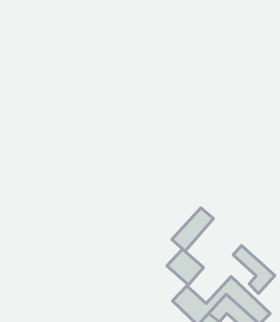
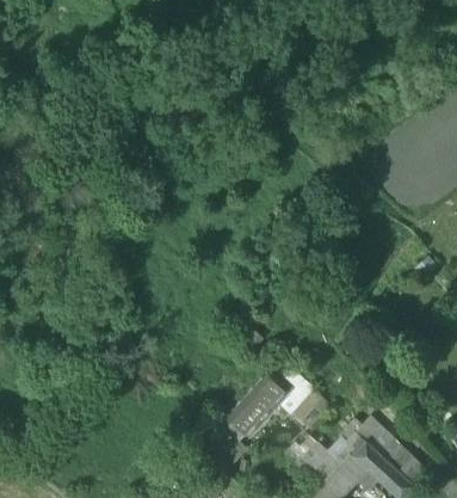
building: [172,208,213,251] -> [226,376,285,438]
building: [233,245,275,294] -> none

